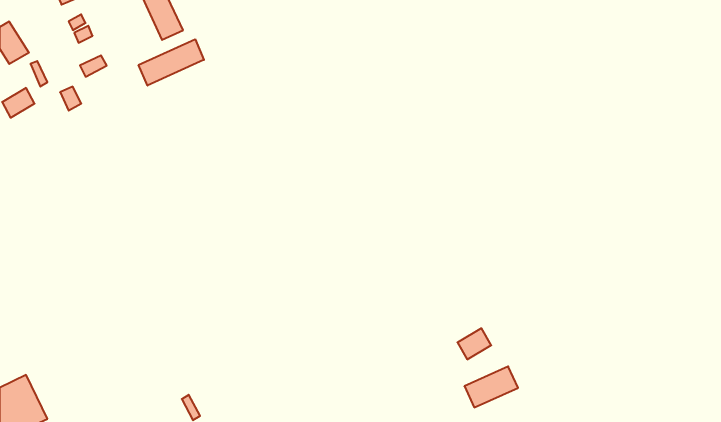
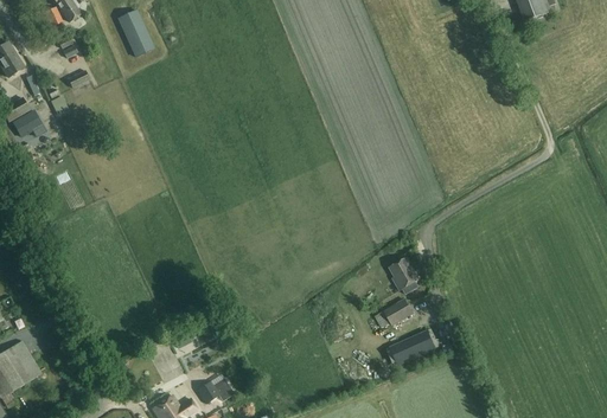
building: [139,39,204,86] -> none
building: none -> [13,110,46,137]
building: none -> [390,256,428,294]

